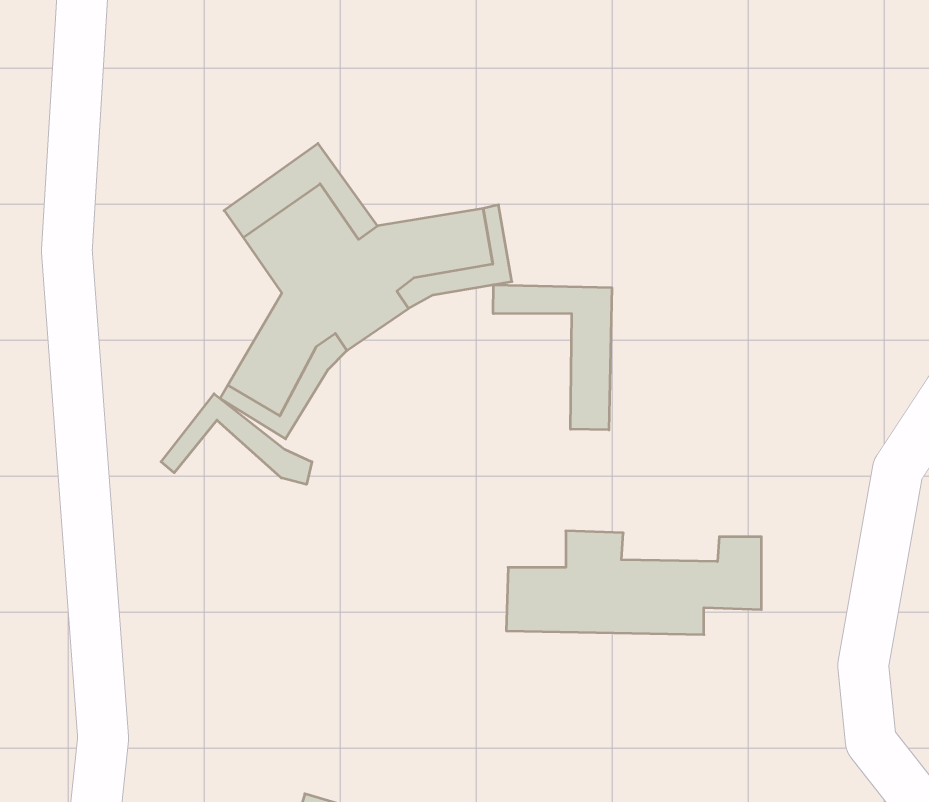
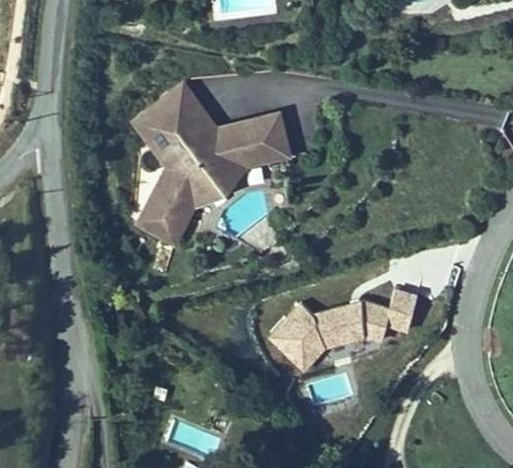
building: [493,285,612,430] -> none
building: [161,394,312,484] -> none

